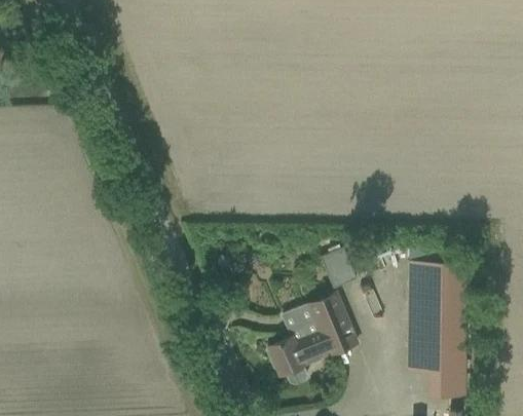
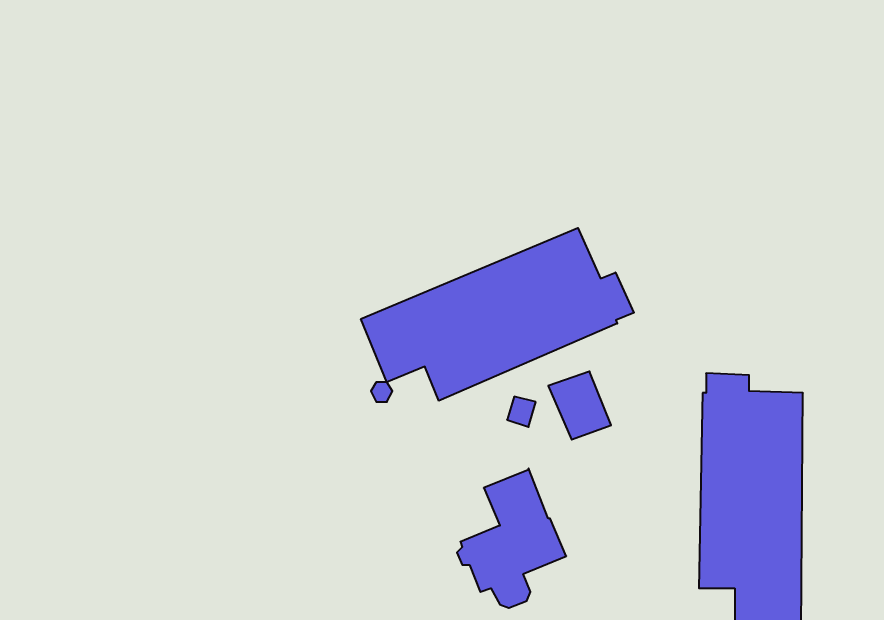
building: none -> [361,228,634,401]
building: [309,292,359,355] -> none

